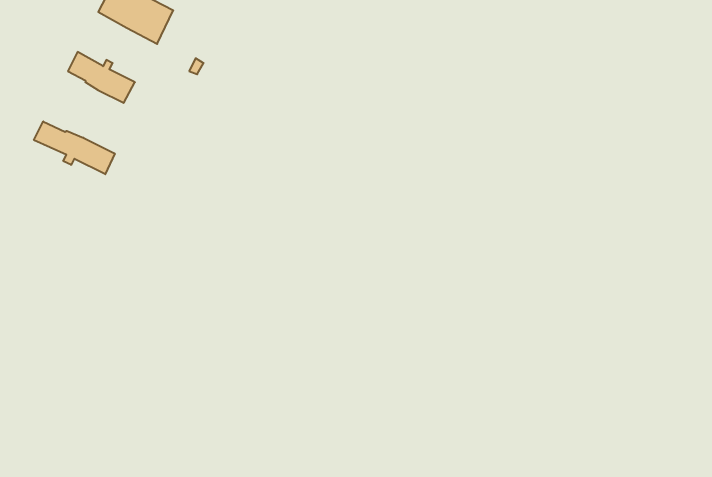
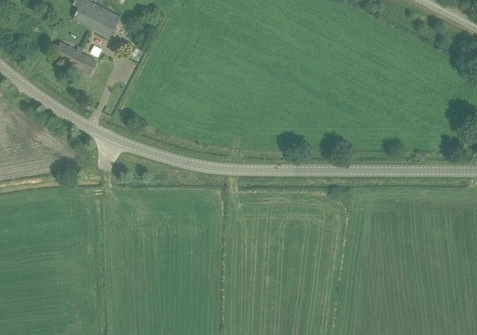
building: [34,121,115,174] -> none

